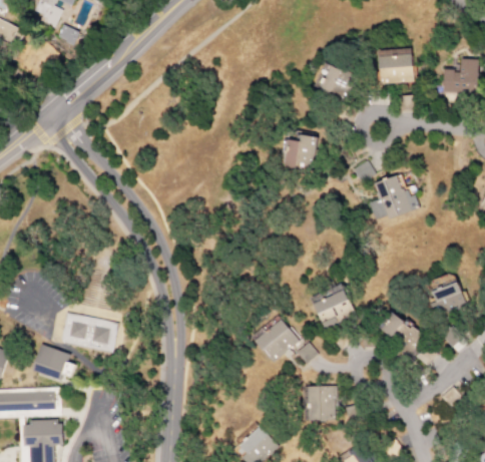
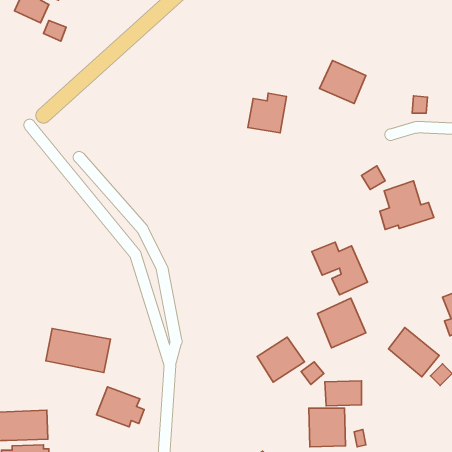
building: [378,48,413,83] -> none
building: [282,133,318,170] -> [248,93,287,133]
building: none -> [312,242,368,295]
building: [31,343,75,380] -> [97,387,144,427]
building: none -> [325,381,362,406]

